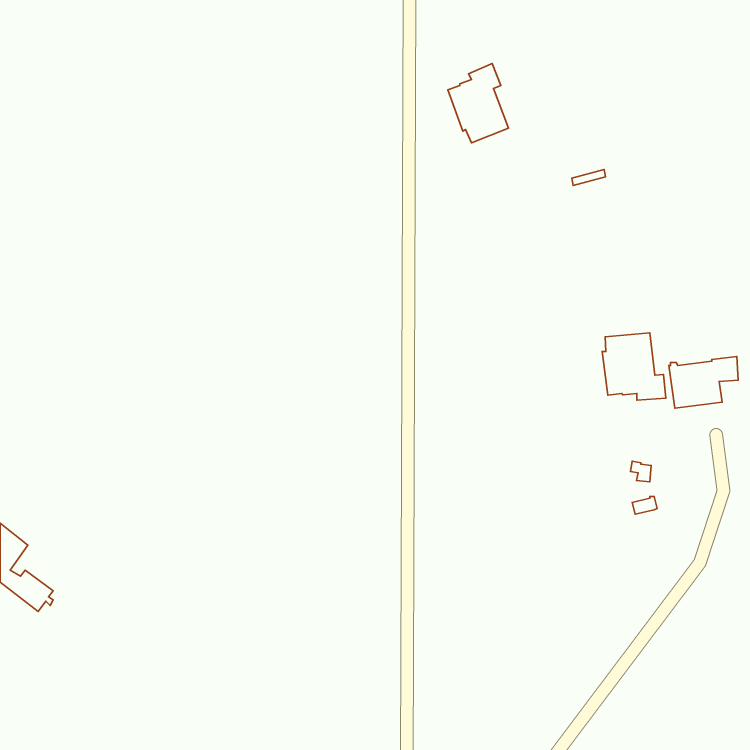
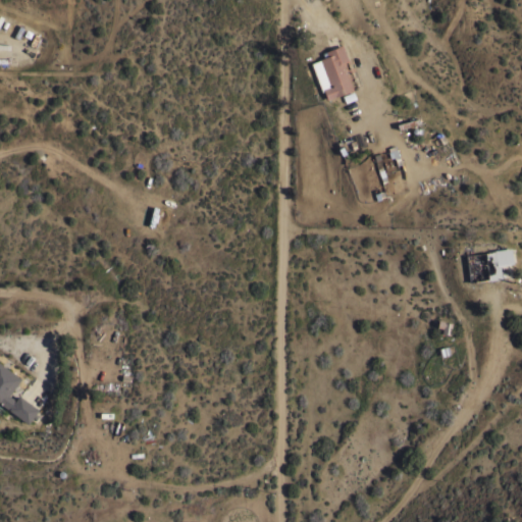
building: [602,333,666,400] -> none

